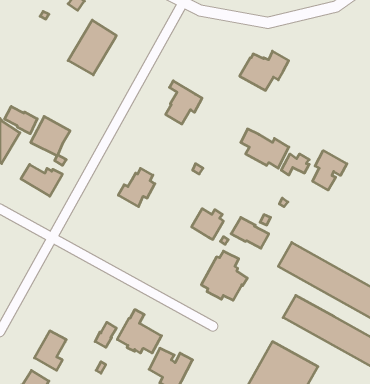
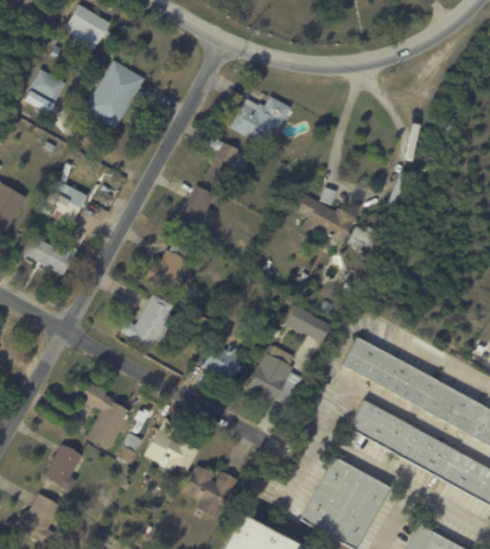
building: none -> [28,69,65,103]
building: [240,51,289,90] -> [234,96,294,145]
building: [5,106,37,134] -> none
building: none -> [174,184,216,240]
building: [313,151,347,190] -> none
building: [192,209,223,239] -> [203,343,242,381]
building: none -> [121,293,176,347]
building: none -> [79,381,131,448]

